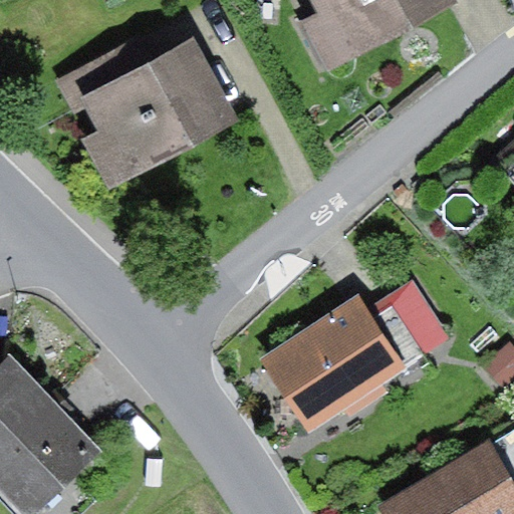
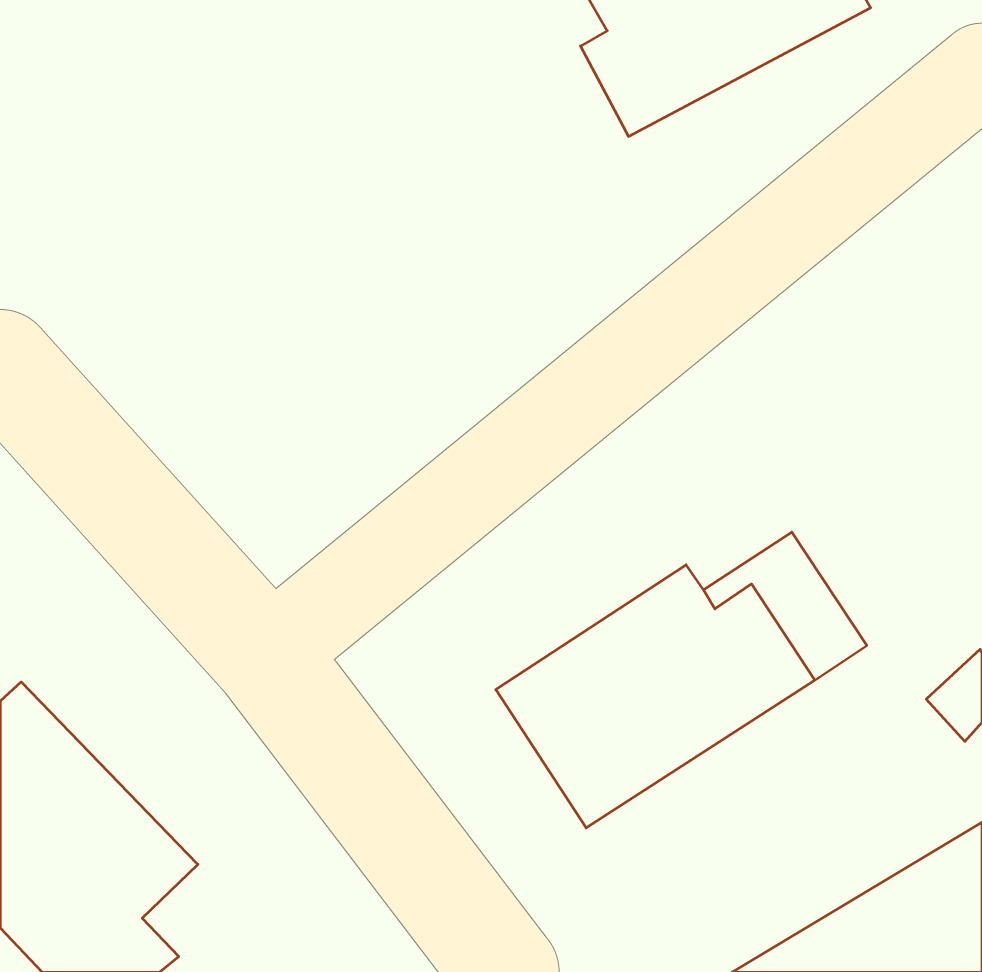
building: [55,32,231,187] -> none

